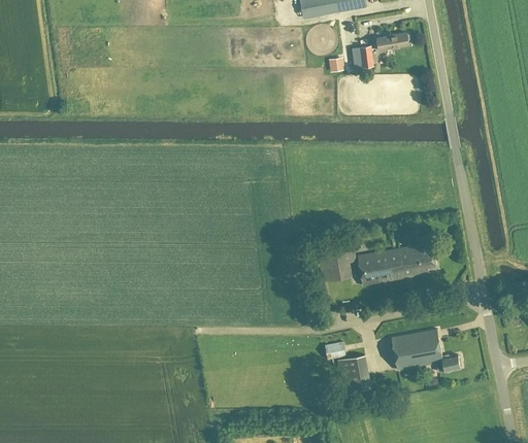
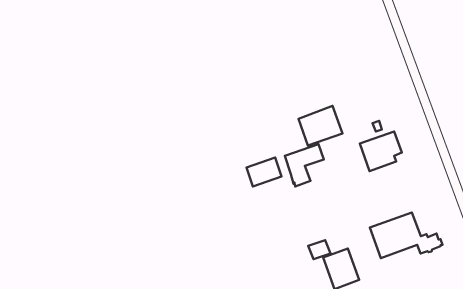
building: none -> [246,157,282,186]
building: [357,248,399,284] -> [298,106,342,145]

